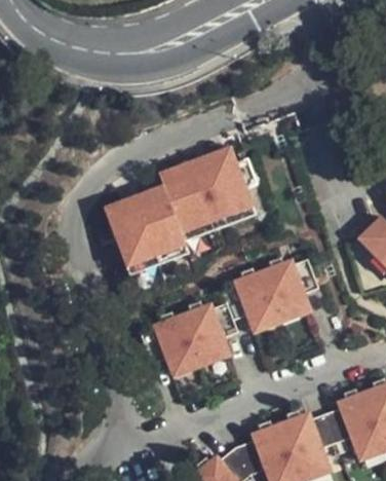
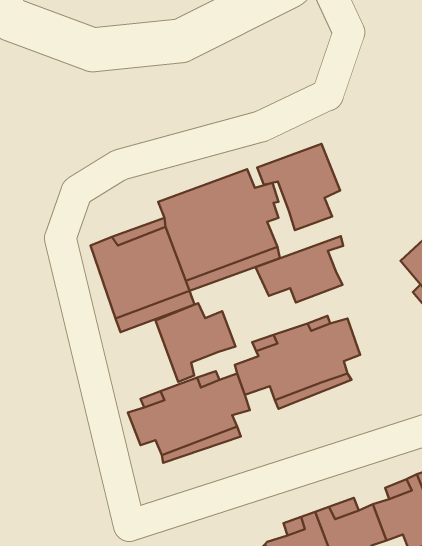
building: none -> [257,144,340,230]
building: none -> [255,236,343,303]
building: none -> [156,303,235,382]

